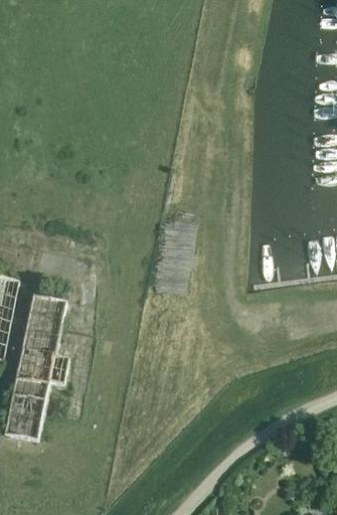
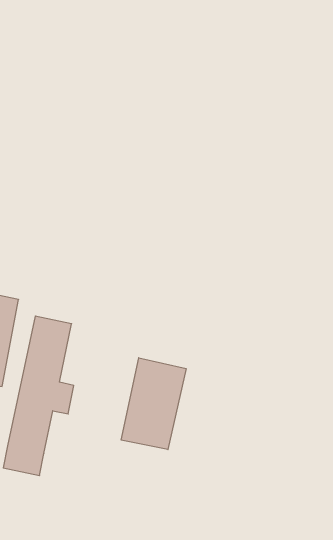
building: none -> [121,358,186,450]

